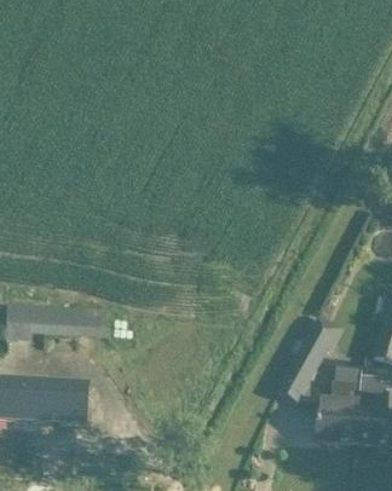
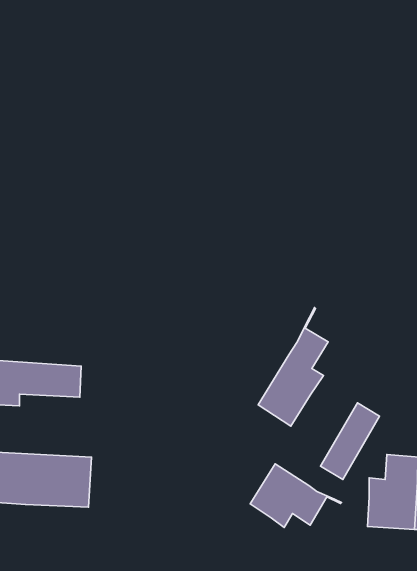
building: none -> [258,308,328,426]
building: none -> [250,464,341,528]

